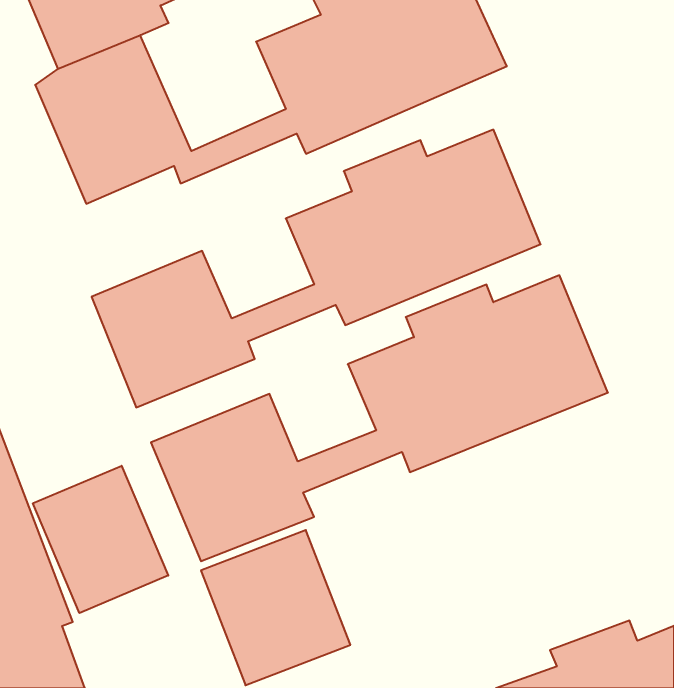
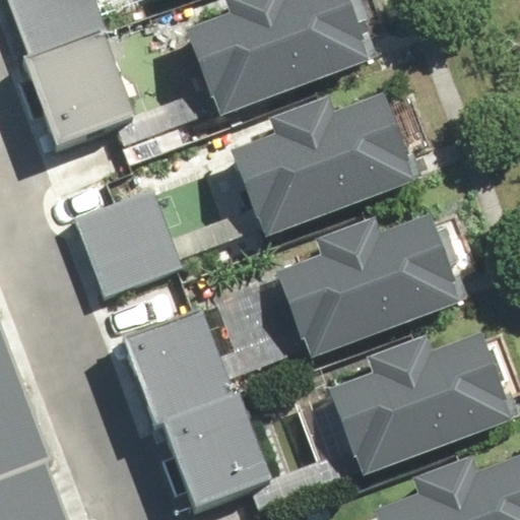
building: none -> [319,331,504,475]
building: [33,466,168,613] -> none

